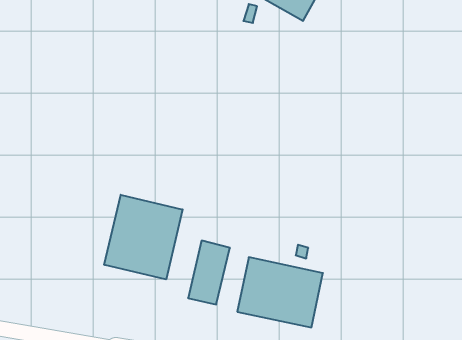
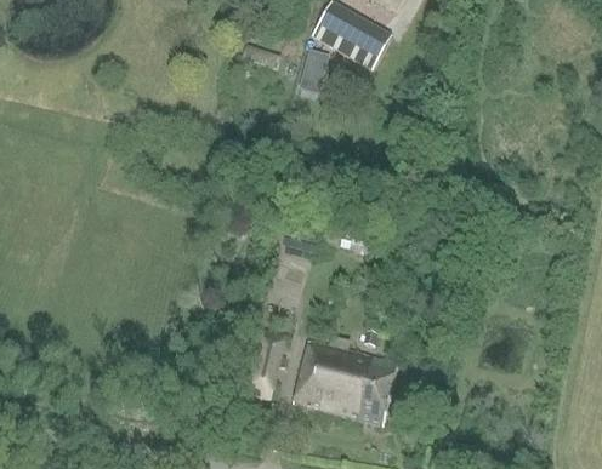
building: [104,195,183,279] -> none

